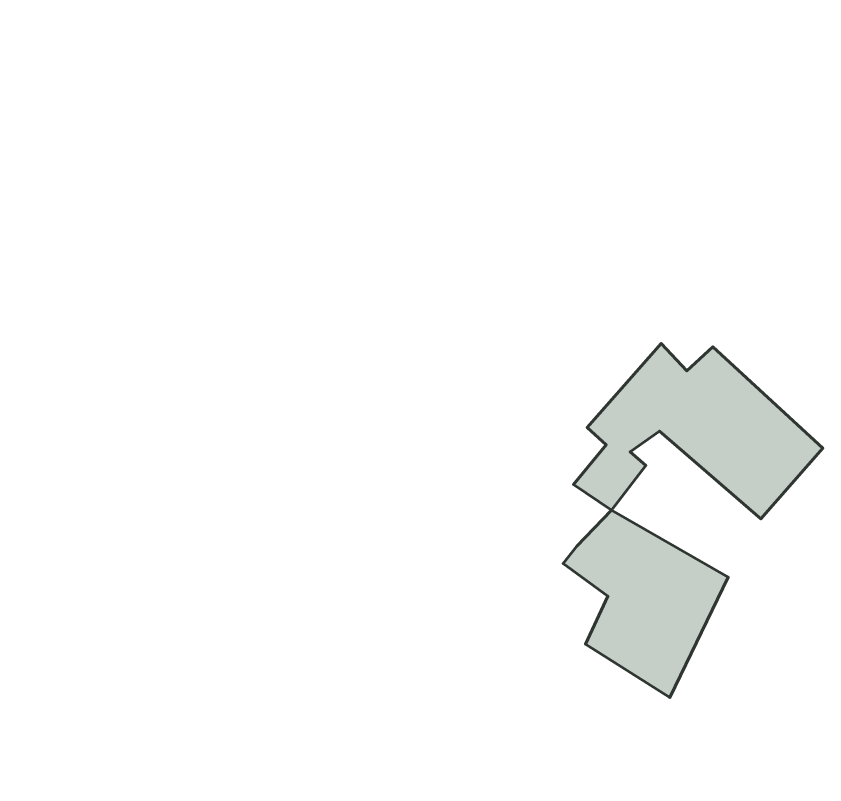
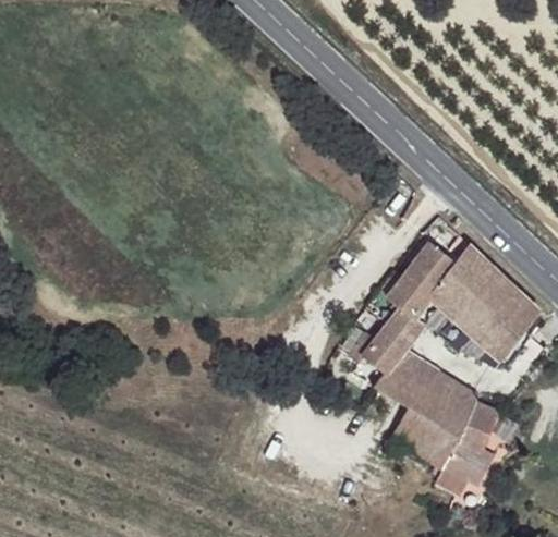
building: none -> [352,333,405,373]
building: none -> [437,392,504,502]

